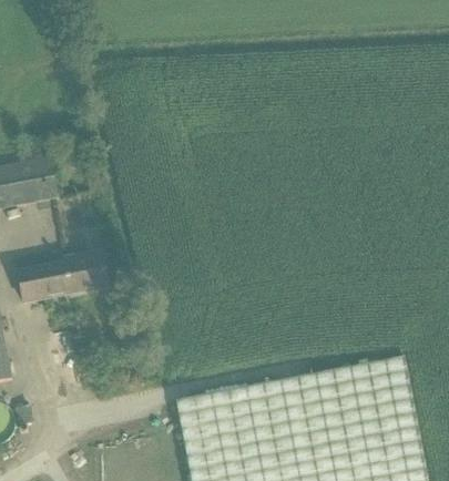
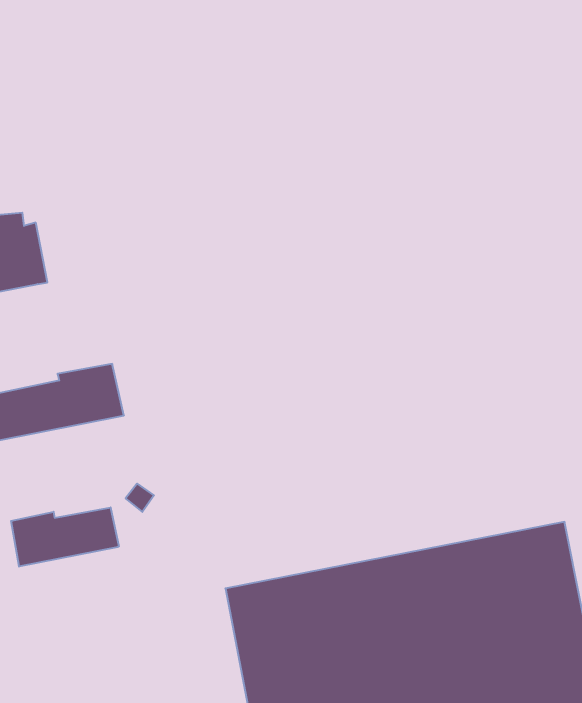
building: none -> [11,507,119,567]

